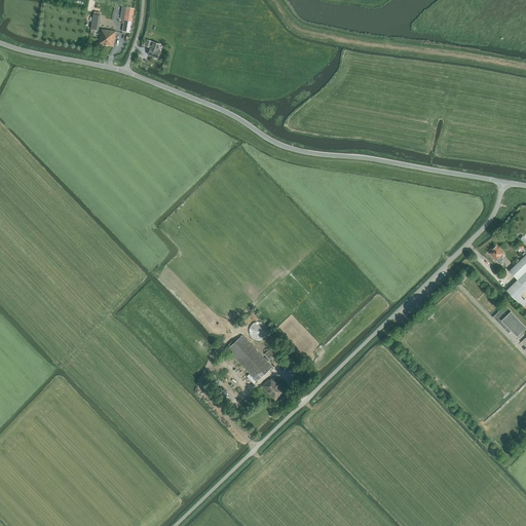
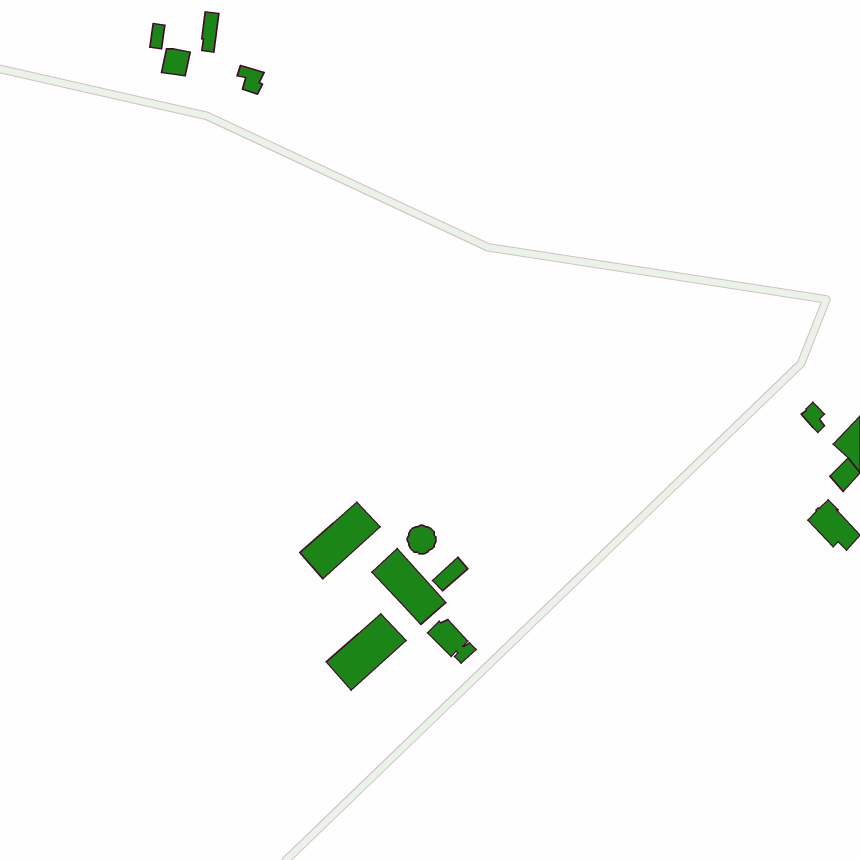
building: none -> [300,502,380,579]
building: none -> [326,614,406,690]

